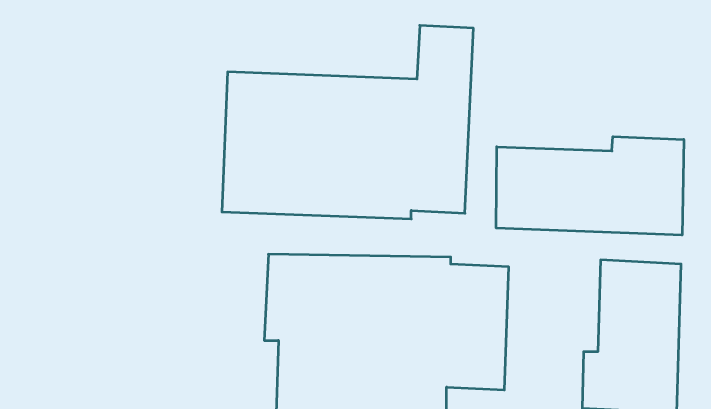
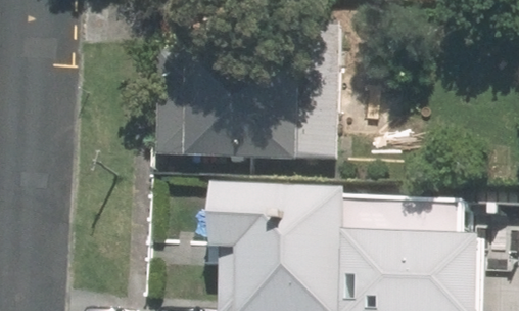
building: [496,137,684,235] -> none

